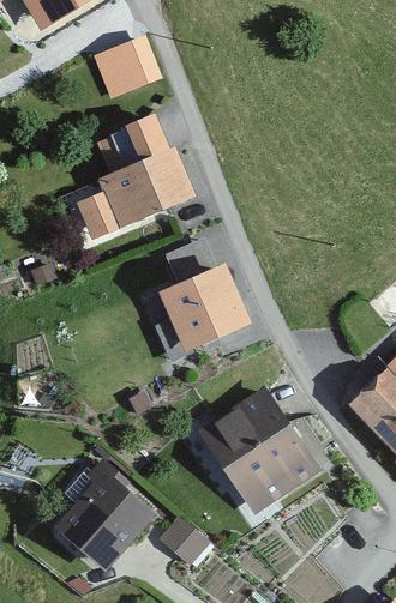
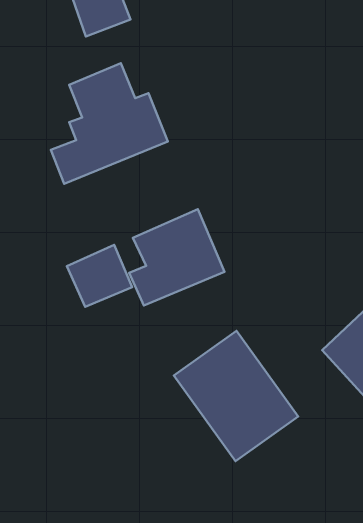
building: none -> [67,245,132,307]
building: [55,460,155,569] -> none
building: [158,514,208,562] -> none

